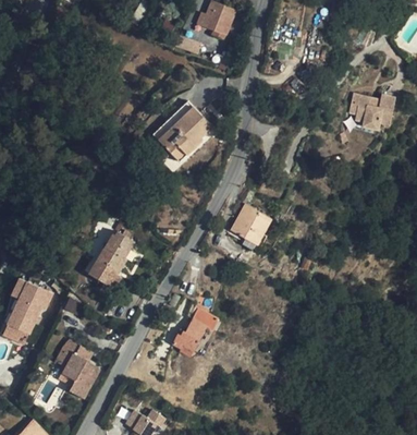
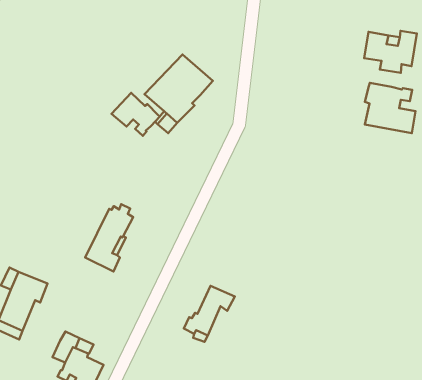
building: none -> [112,93,160,136]
building: none -> [365,83,415,133]
building: [230,204,271,245] -> none

